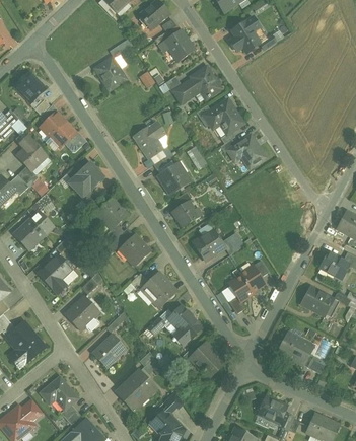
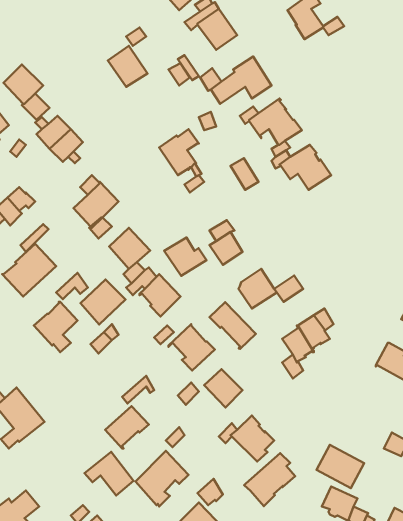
building: [16,141,46,171] -> none
building: [157,164,190,194] -> [164,238,206,276]
building: none -> [209,302,256,349]
building: [65,296,99,330] -> [81,280,125,324]
building: [277,332,313,365] -> [317,445,364,488]
building: none -> [244,453,295,506]
building: [40,376,77,410] -> [85,452,133,495]

